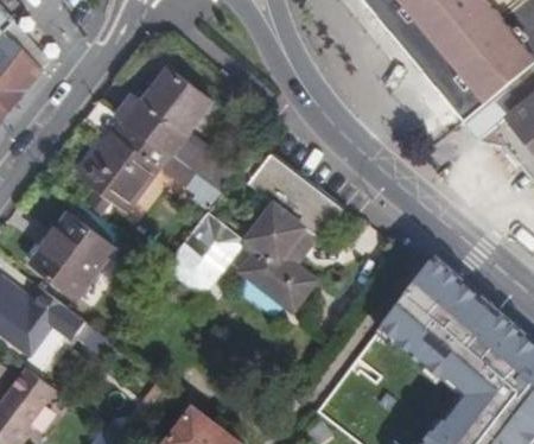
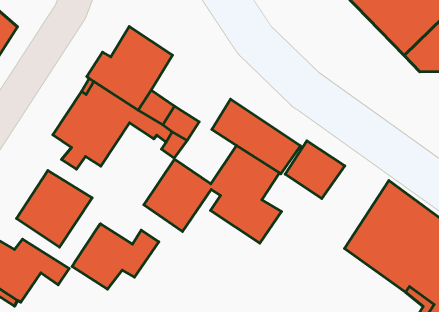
building: none -> [285,141,345,199]
building: none -> [72,224,159,289]

